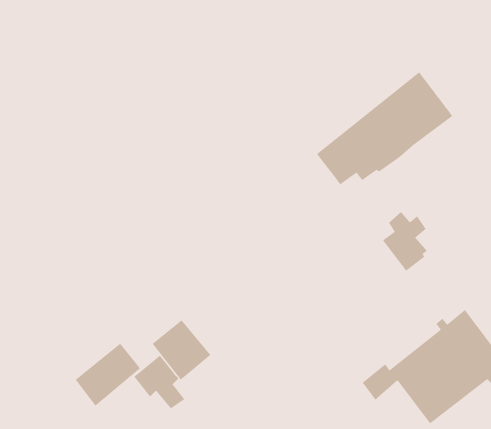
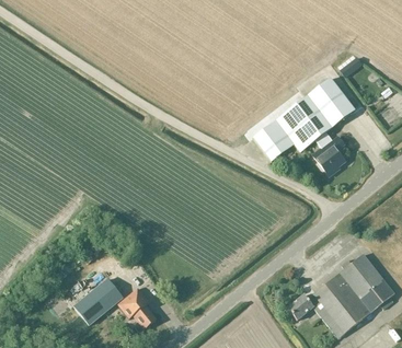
building: [382,211,428,272] -> [312,131,346,176]
building: [152,320,211,381] -> none

